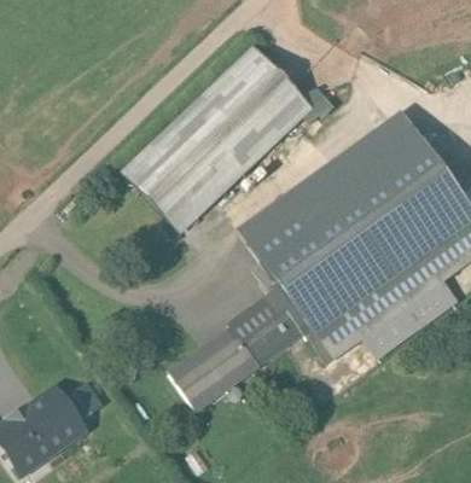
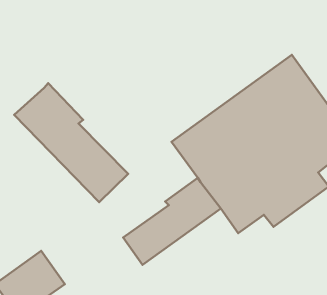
building: [128,47,313,227] -> none
building: none -> [14,83,128,202]

